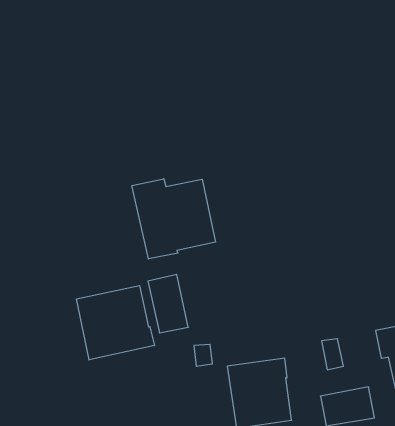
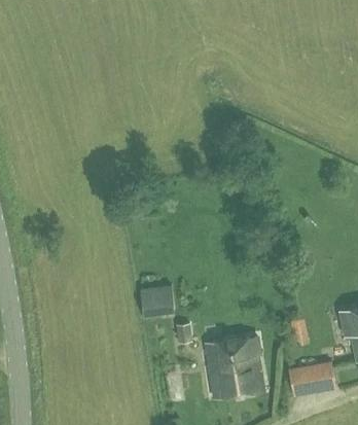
building: [132,179,215,259] -> none
building: [77,286,154,360] -> none

